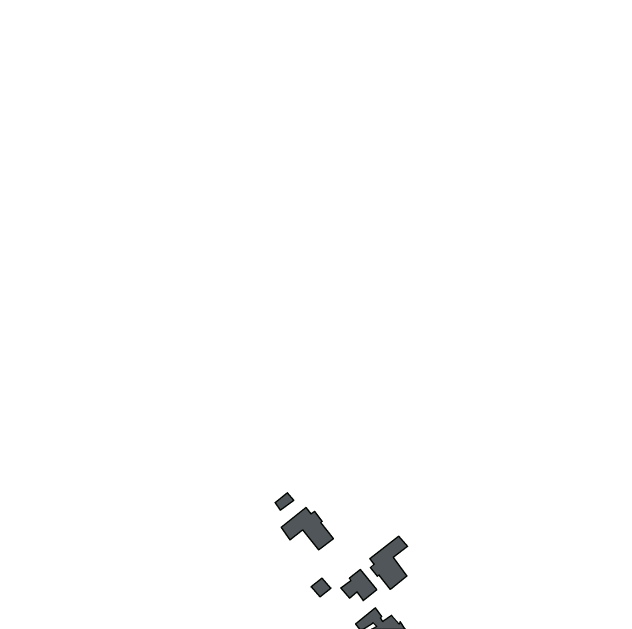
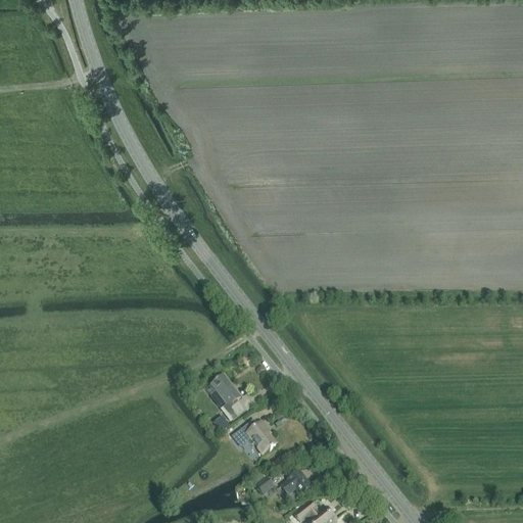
building: none -> [211,375,240,406]
building: [370,536,408,589] -> none

